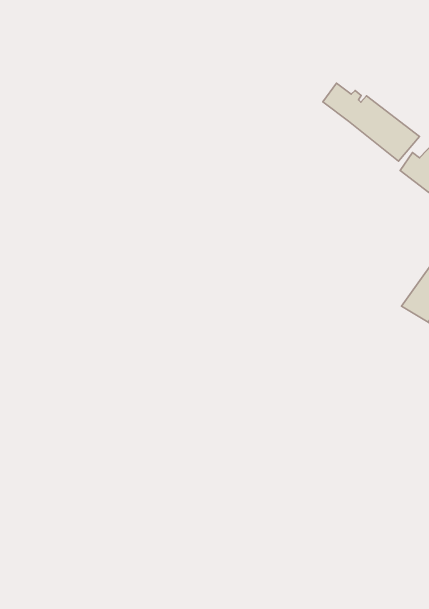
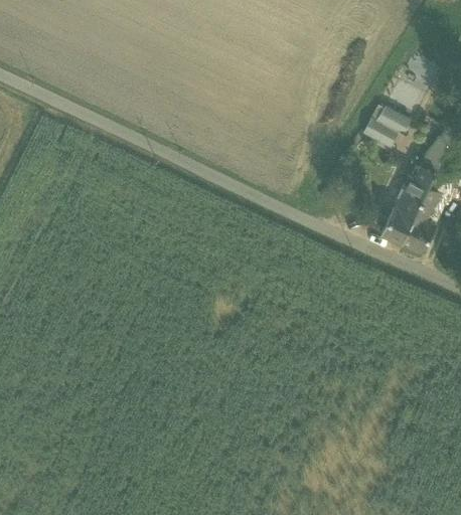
building: [323,83,420,161] -> none

